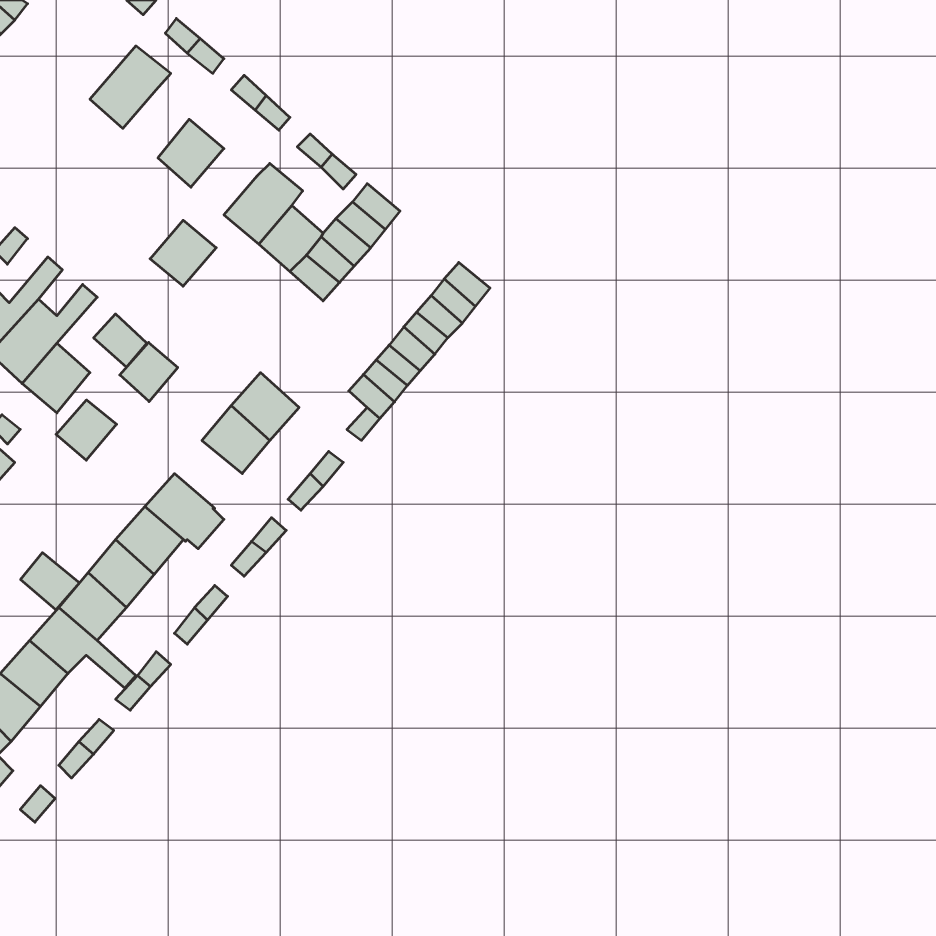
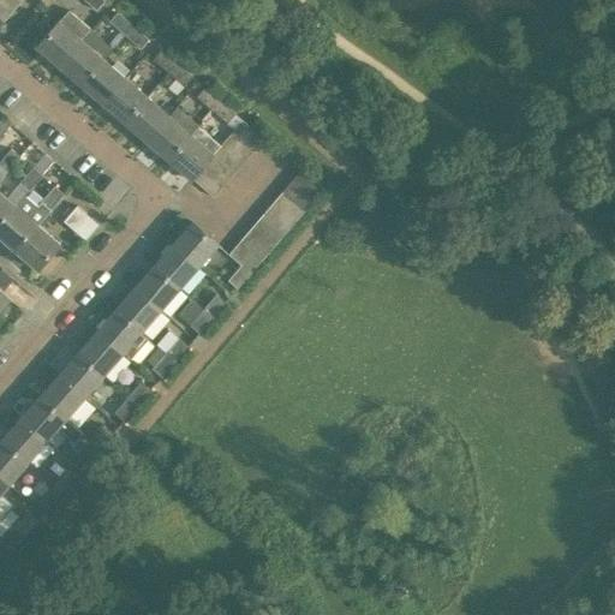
building: none -> [36,12,89,66]
building: none -> [80,60,124,105]
building: [150,220,216,286] -> [125,98,168,142]
building: none -> [171,222,216,268]
building: [120,342,178,402] -> none
building: [56,400,117,460] -> none
building: none -> [114,289,159,333]
building: [21,553,79,610] -> none

